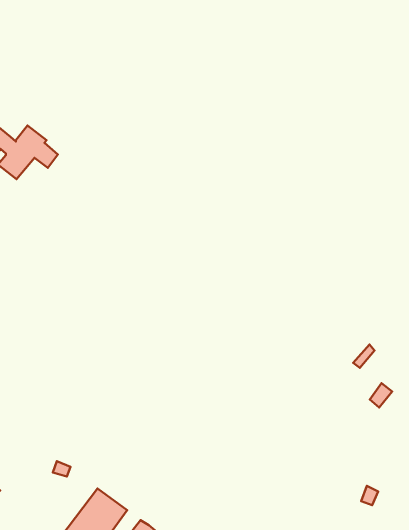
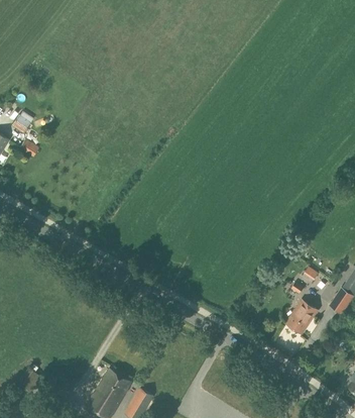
building: none -> [285,300,318,334]

